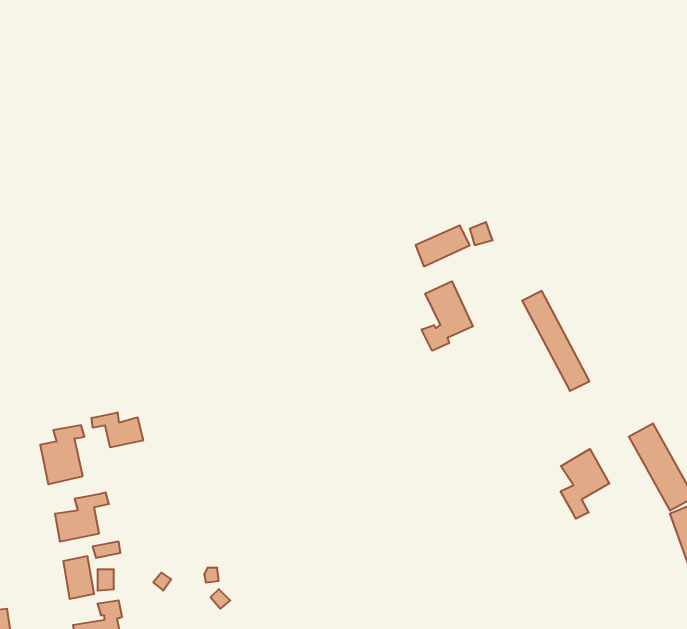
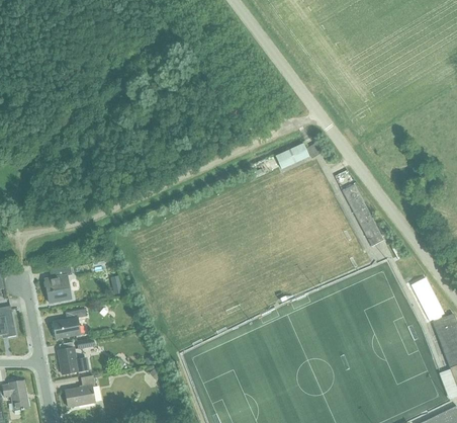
building: [422,281,473,351] -> none
building: [92,412,143,447] -> none
building: [561,449,609,519] -> none

